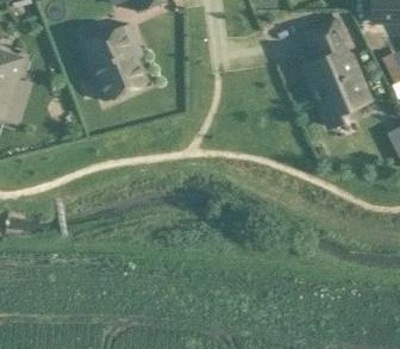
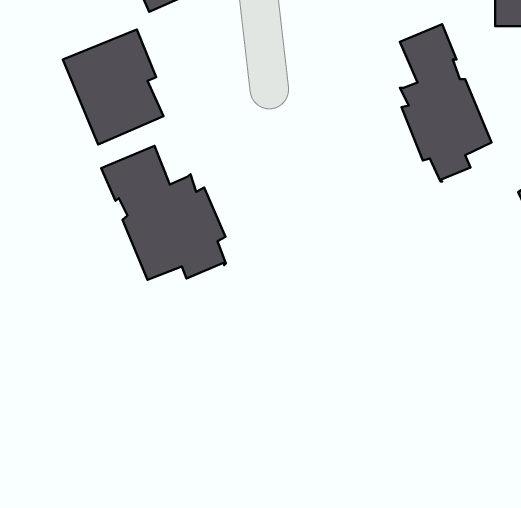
building: none -> [101,146,226,280]

